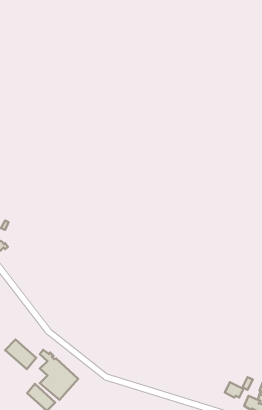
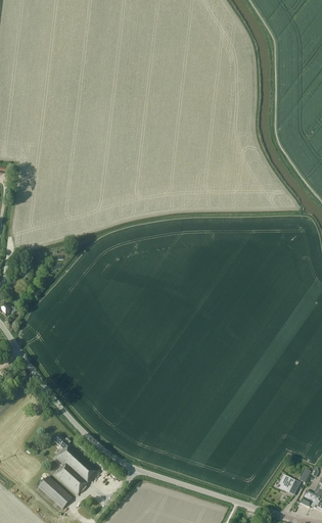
building: [5,339,36,369] -> none

